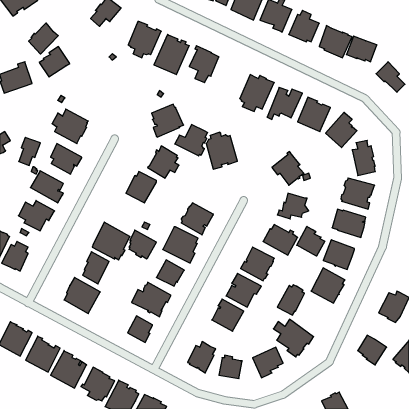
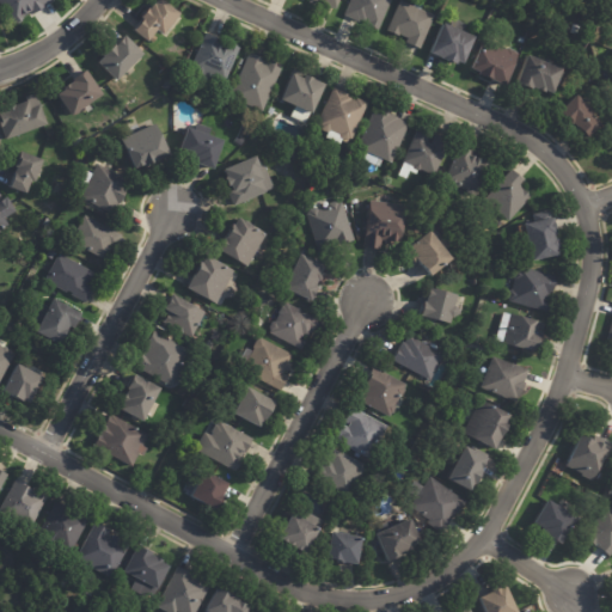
building: [29,23,58,54] -> [100,33,145,80]
building: none -> [317,87,368,143]
building: none -> [182,122,226,170]
building: none -> [122,123,171,171]
building: [175,125,208,156] -> [277,255,326,301]
building: none -> [366,200,411,249]
building: [19,137,40,165] -> [10,152,42,194]
building: [297,226,325,256] -> none
building: [129,230,156,259] -> [164,294,204,337]
building: [277,285,304,315] -> [447,445,488,490]

